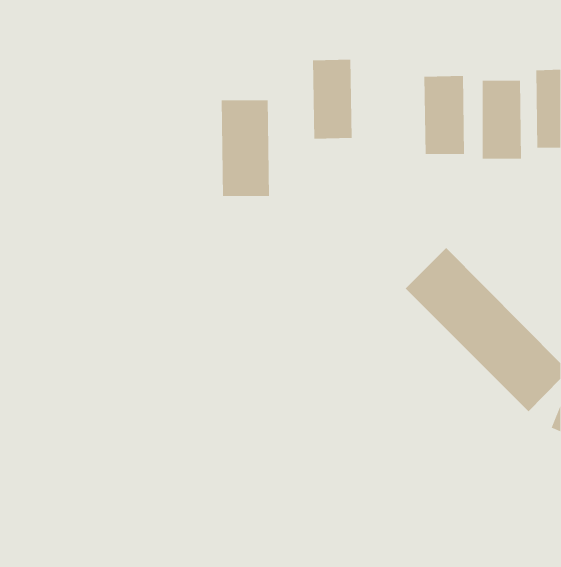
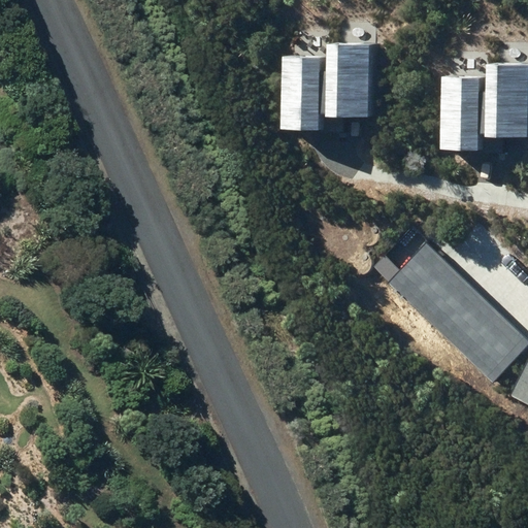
building: [424,75,465,154] -> [335,42,373,116]
building: [221,100,270,197] -> none

